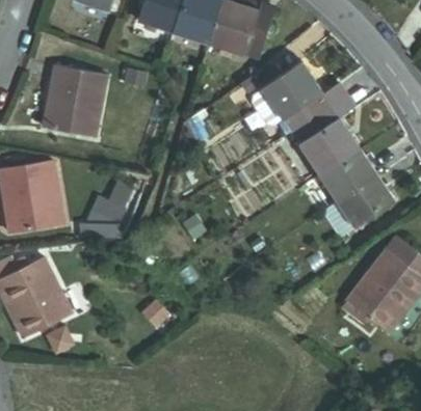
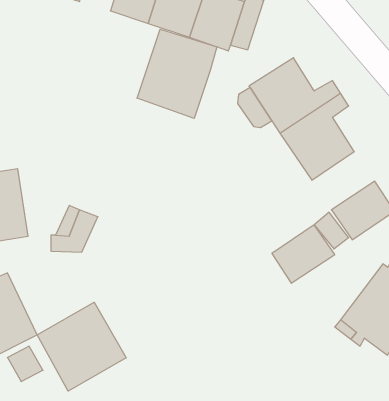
building: none -> [137,29,217,118]
building: [43,65,106,138] -> none
building: [320,147,377,200] -> [272,225,335,283]
building: none -> [37,302,126,391]

